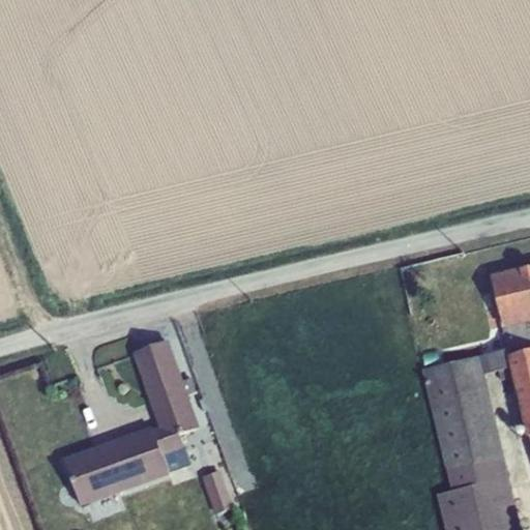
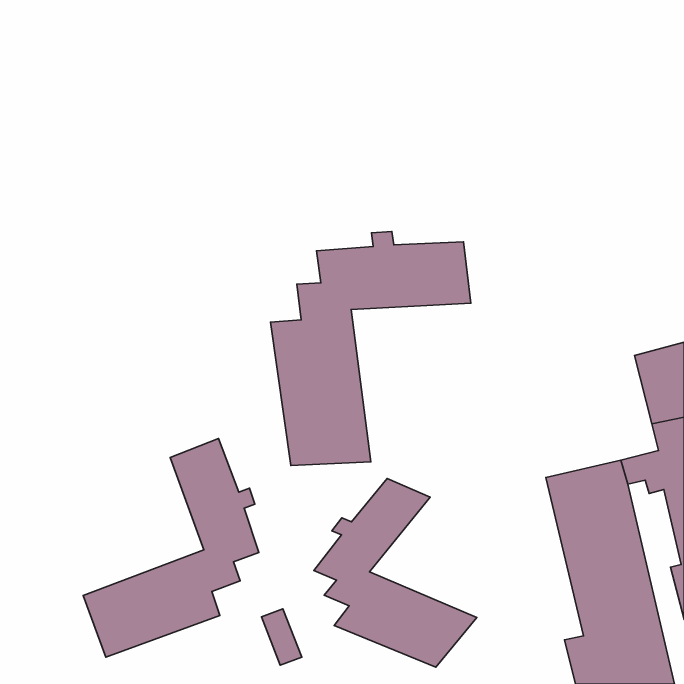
building: none -> [270,231,471,465]
building: none -> [314,479,477,667]

